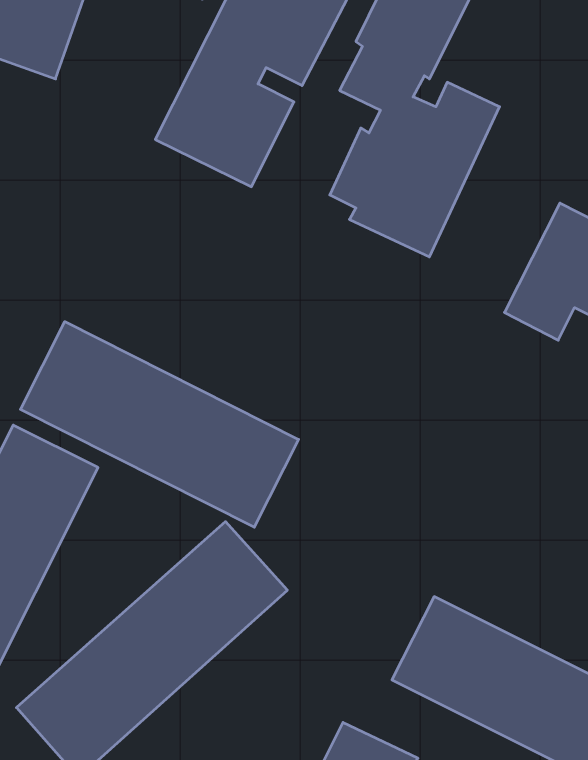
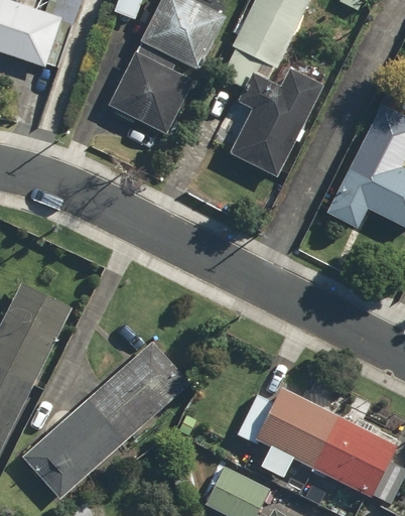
building: [20,322,299,527] -> none

